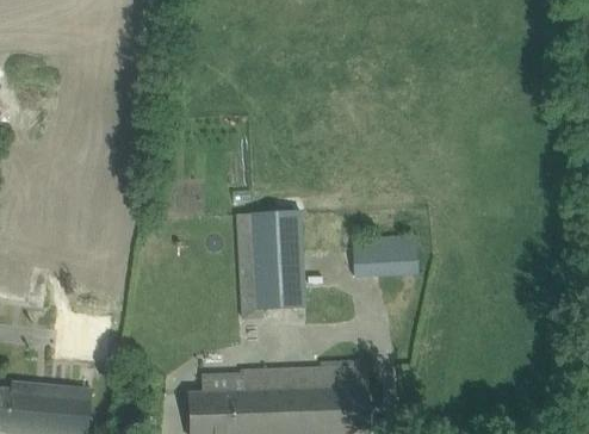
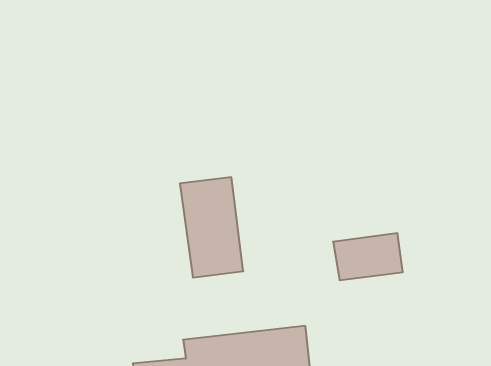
building: [347,235,415,278] -> [333,233,403,280]

